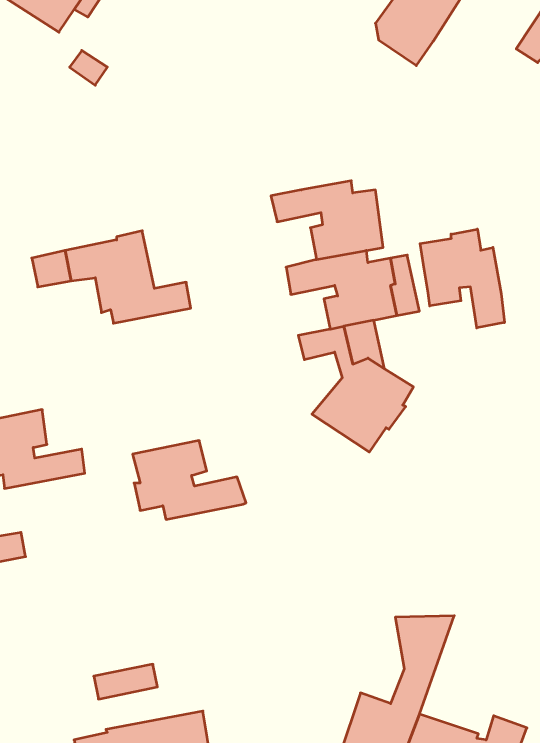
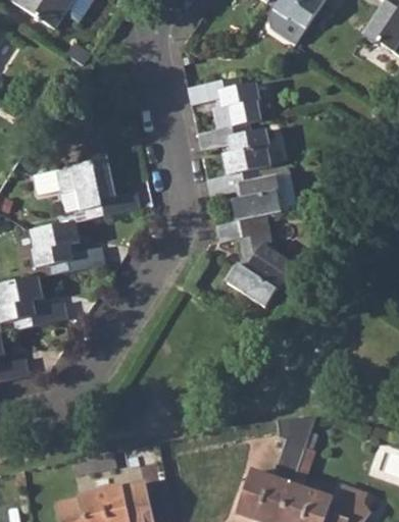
building: none -> [186,77,260,130]
building: [420,229,504,328] -> none
building: [133,441,246,519] -> [31,223,107,276]

